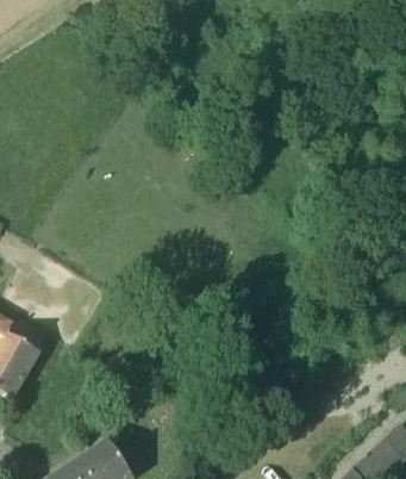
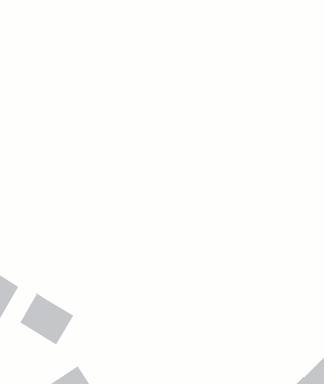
building: none -> [19,292,74,345]

